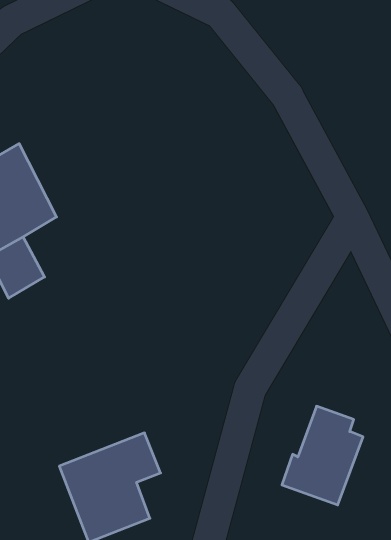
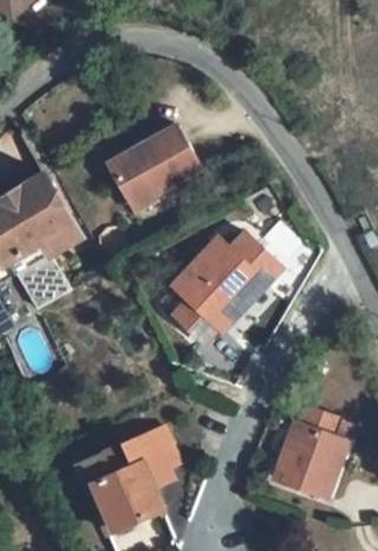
building: none -> [102,128,193,204]
building: none -> [176,232,279,334]

